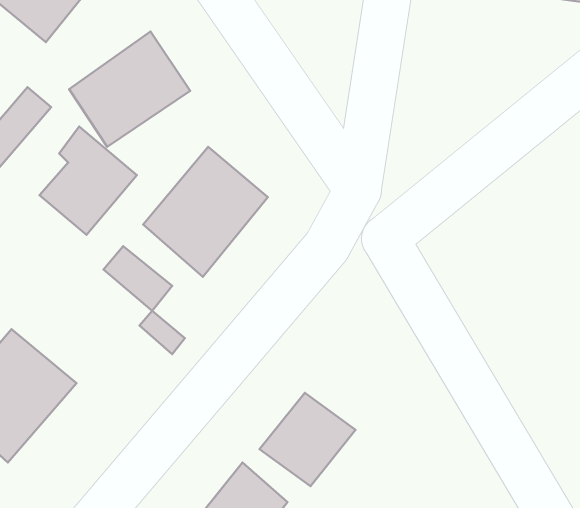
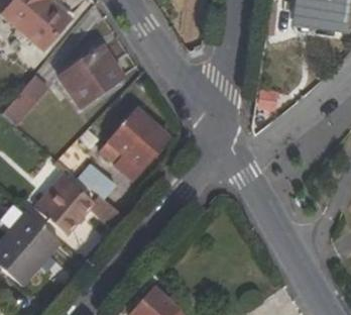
building: [39,127,137,235] -> [40,177,95,237]
building: [260,393,356,486] -> none

